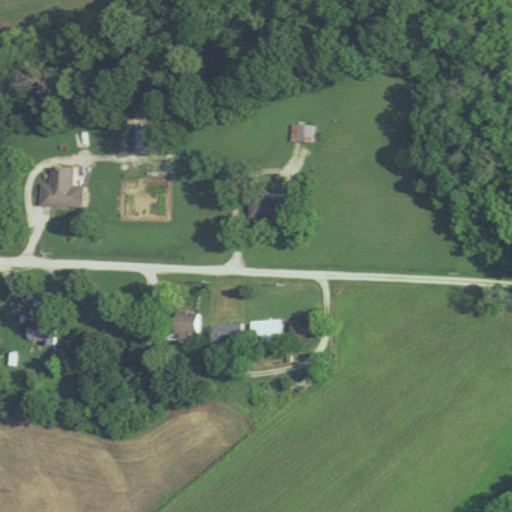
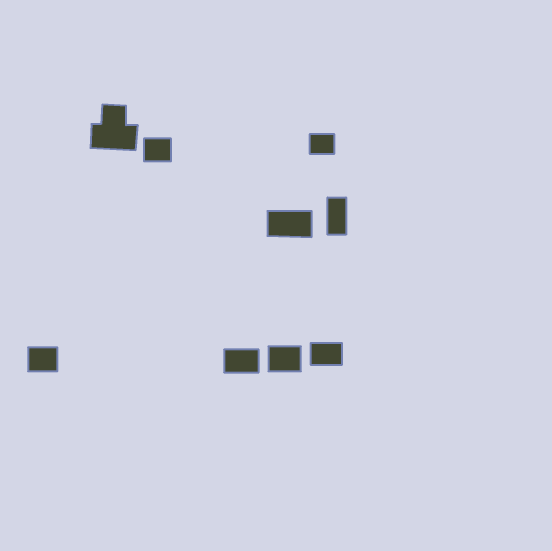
building: [39,165,83,207] -> [90,105,138,150]
building: none -> [328,197,346,235]
building: [173,312,197,337] -> none

